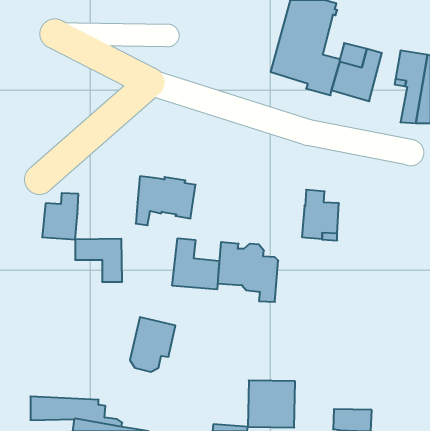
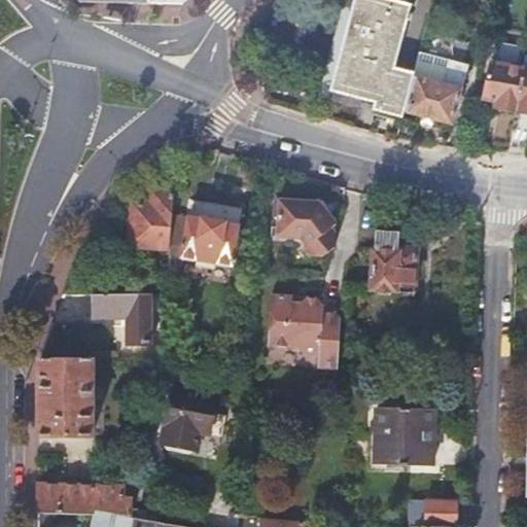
building: none -> [275,201,335,257]
building: [42,193,78,240] -> [129,190,173,247]
building: [172,238,219,289] -> none
building: none -> [39,357,92,437]
building: [248,380,295,428] -> [375,406,432,463]

